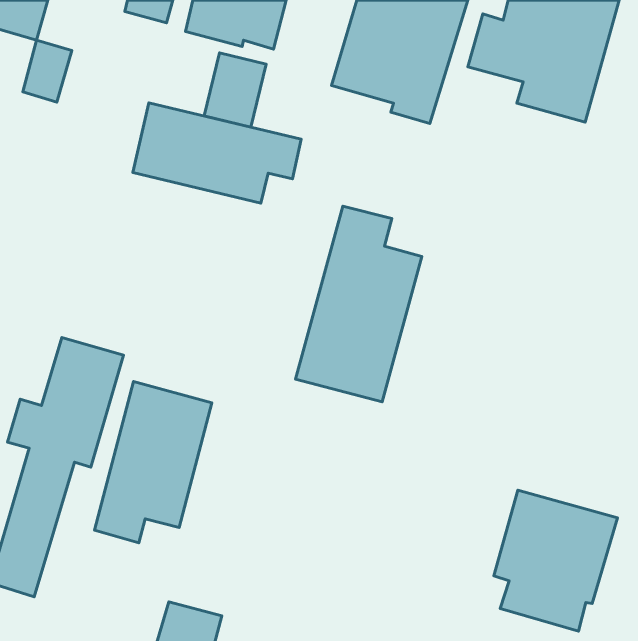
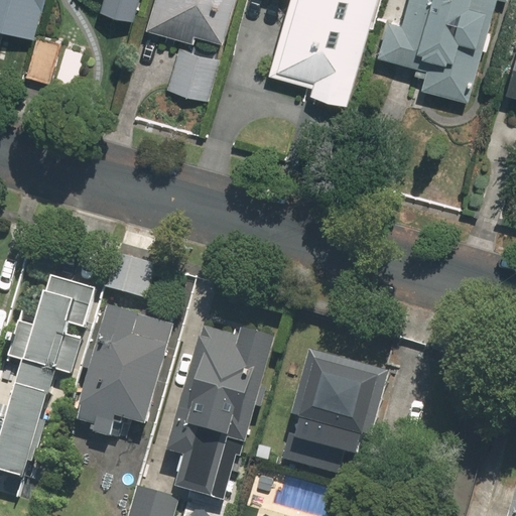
building: [133,103,301,203] -> none
building: [296,206,422,402] -> none
building: none -> [166,324,279,503]
building: [494,490,617,631] -> [290,348,389,461]

